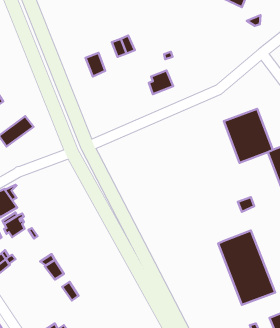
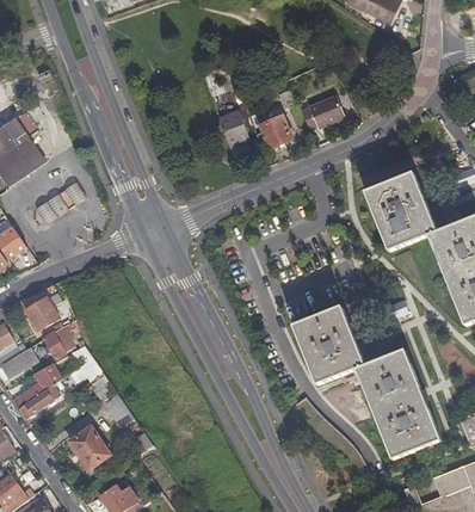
building: [85,53,105,76] -> [217,110,246,144]
building: none -> [300,93,343,128]
building: none -> [291,304,363,383]
building: none -> [69,426,109,469]

